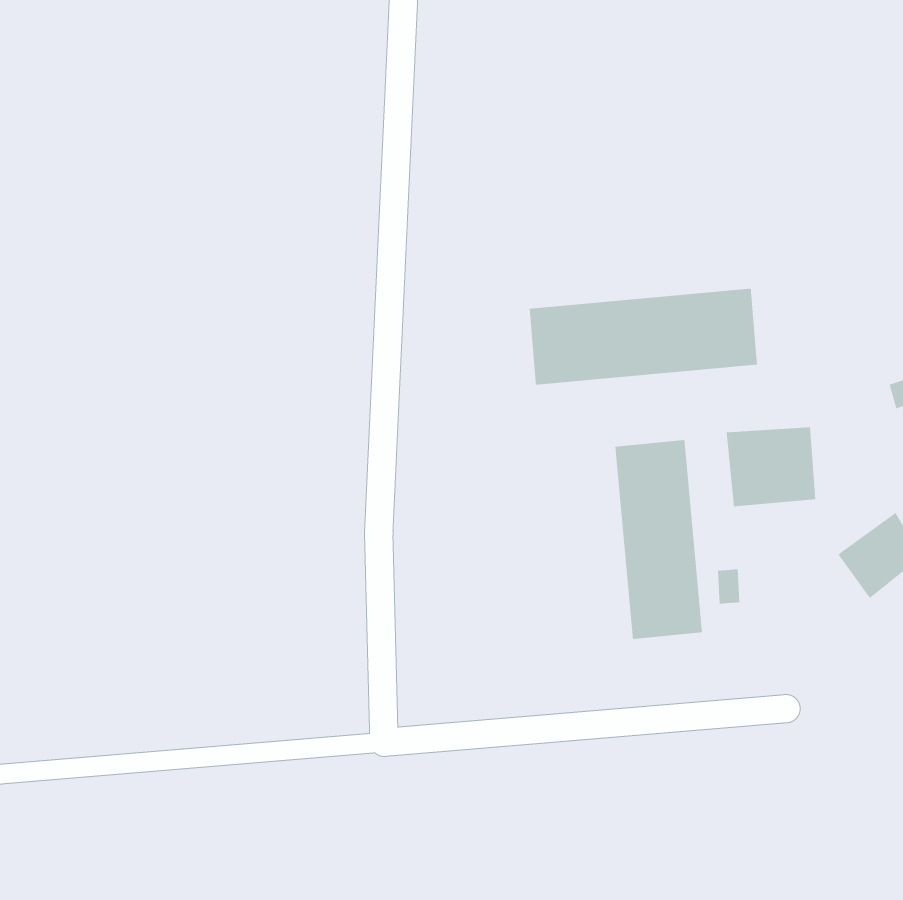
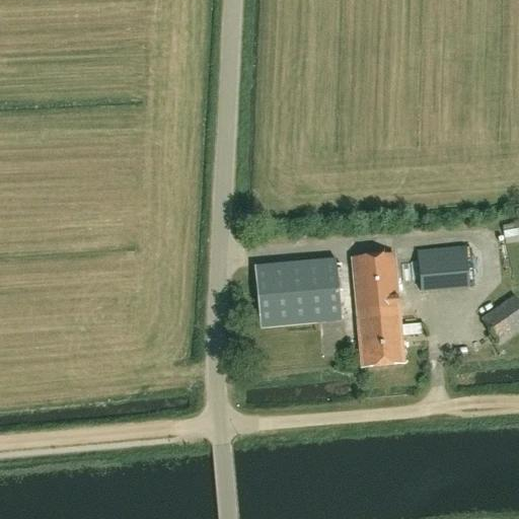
building: [529,288,758,386] -> none
building: none -> [254,257,341,327]

